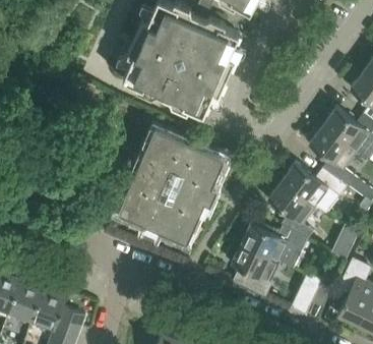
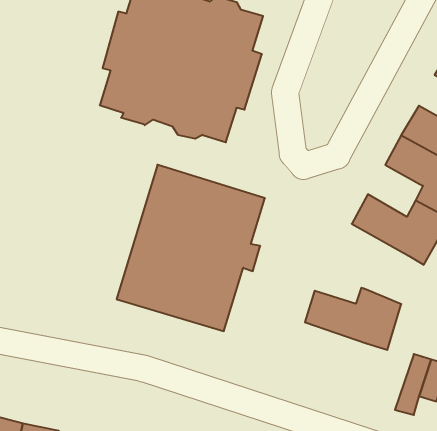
building: [267,182,316,240] -> none
building: [231,244,281,296] -> none

